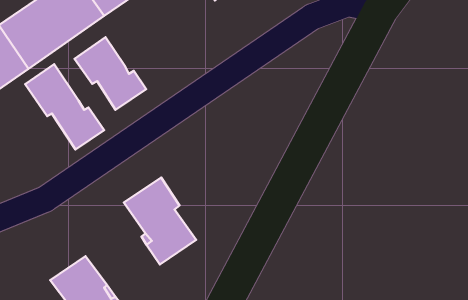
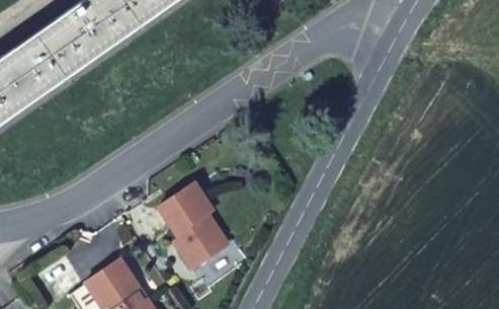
building: [75,37,146,110] -> none
building: [25,64,104,149] -> none

